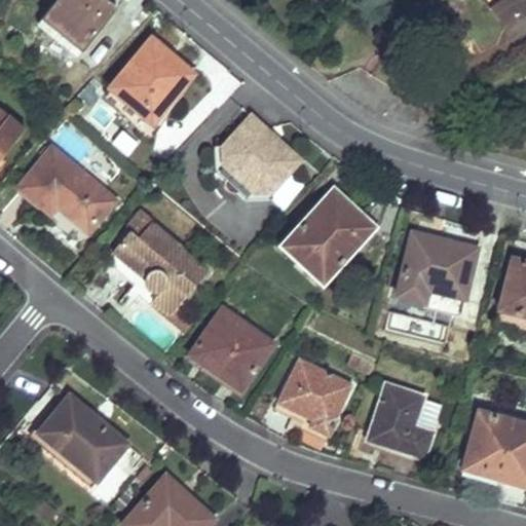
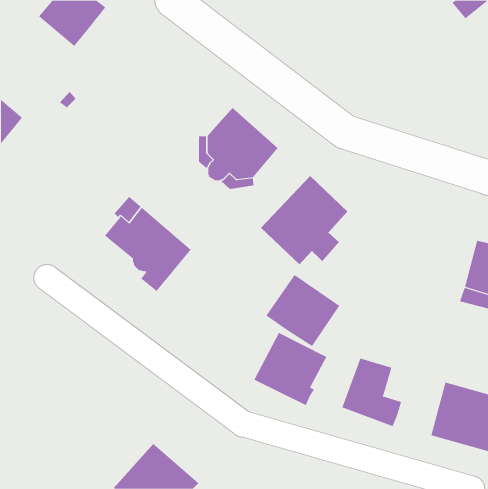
building: [110,39,192,122] -> none
building: [20,148,113,231] -> none
building: [398,230,476,315] -> none
building: [191,309,271,387] -> [265,274,340,347]
building: [39,396,126,479] -> none

